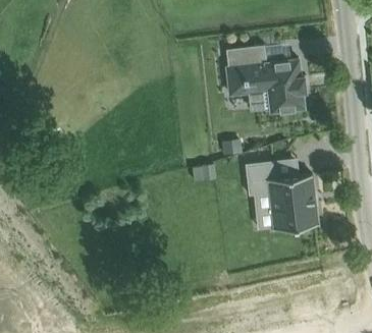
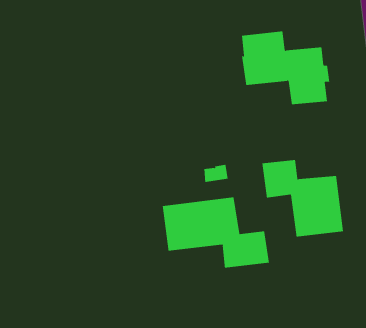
building: none -> [162,197,270,268]

